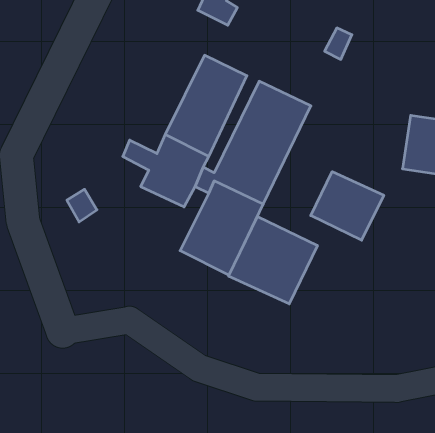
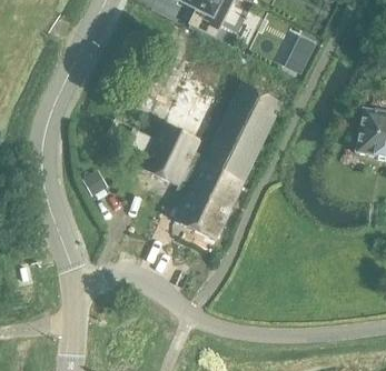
building: [311,172,384,240] -> none
building: [229,217,317,304] -> none

